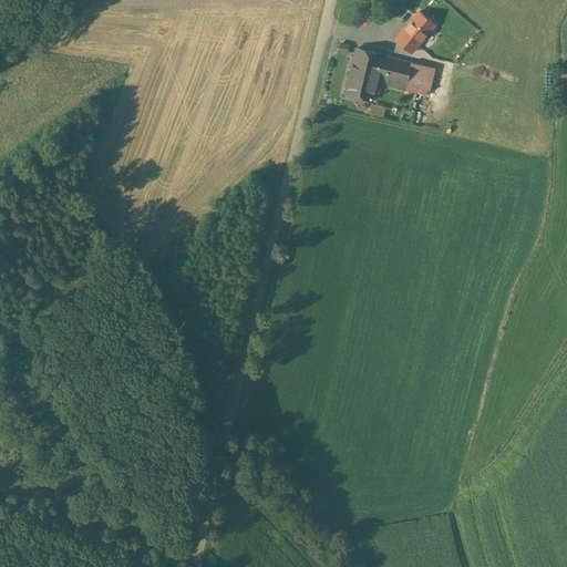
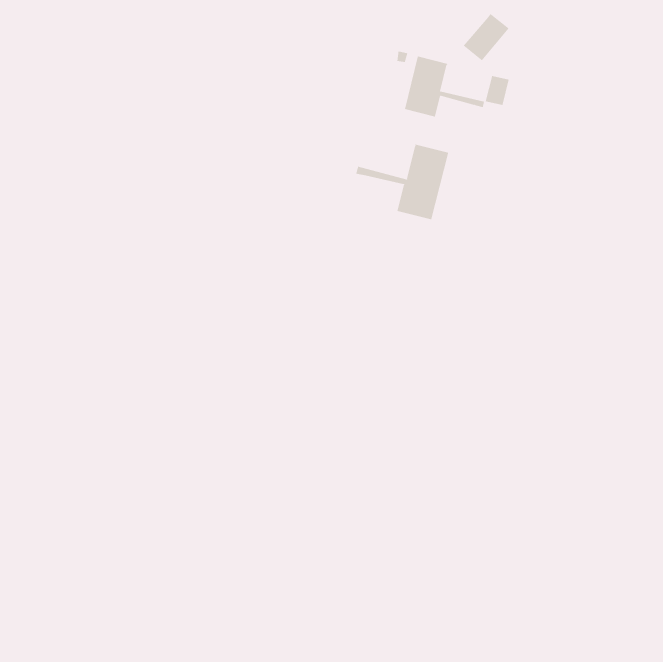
building: [375,58,419,89] -> none
building: none -> [355,143,449,220]

